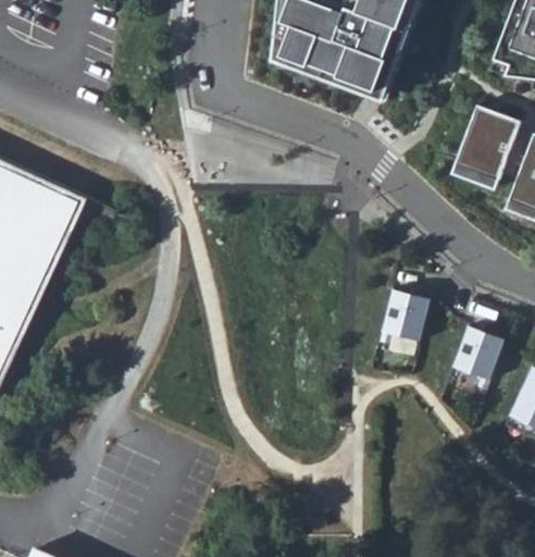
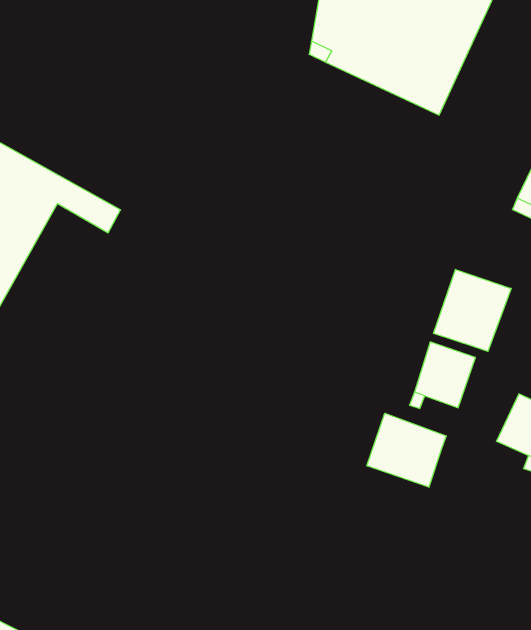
building: none -> [433,269,511,352]
building: none -> [367,413,446,487]

